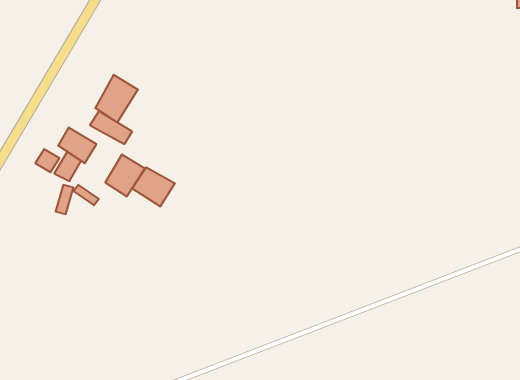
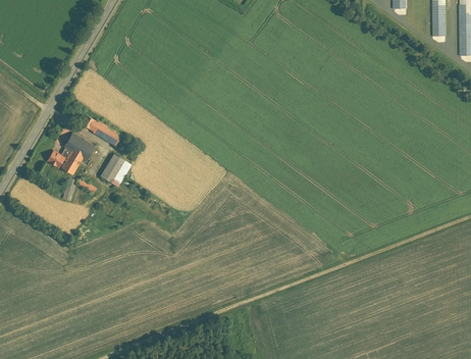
building: [95,75,138,122] -> none
building: [132,167,175,207] -> none

